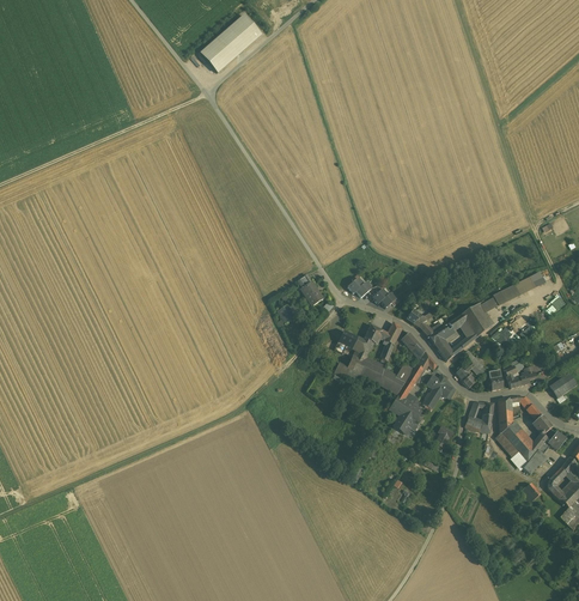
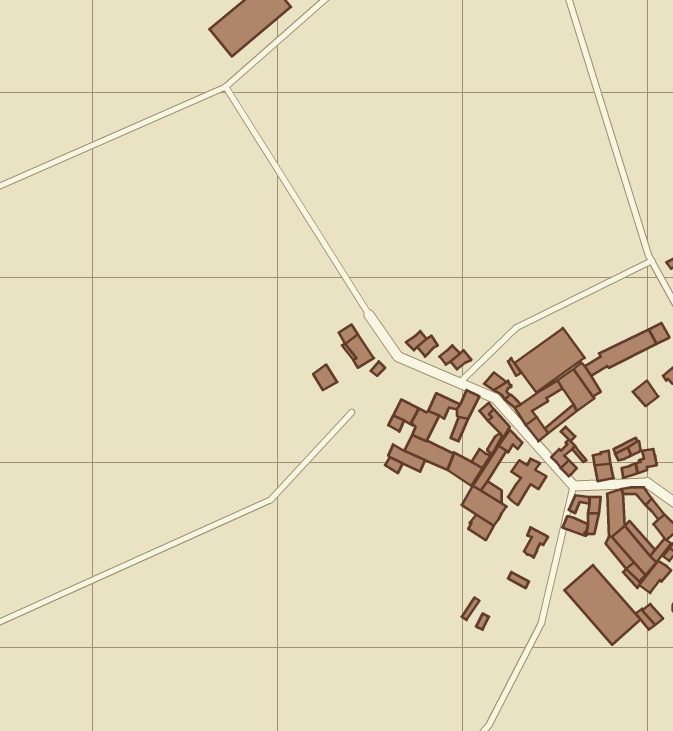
building: none -> [515,328,585,393]
building: none -> [564,565,641,645]

